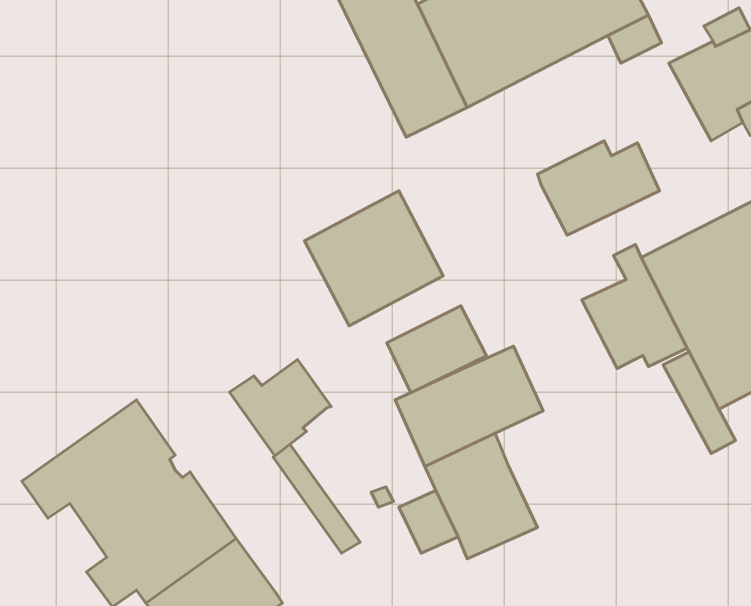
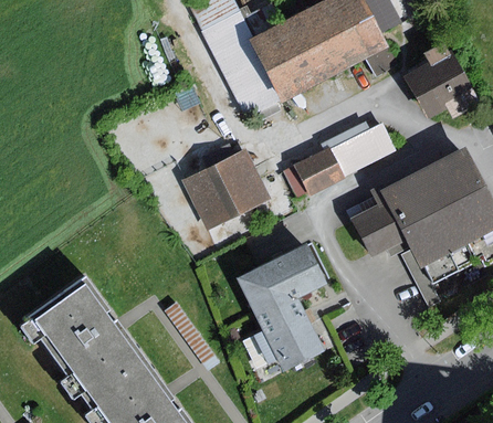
building: [387,306,487,393] -> [282,147,342,199]
building: [229,360,331,456] -> none

